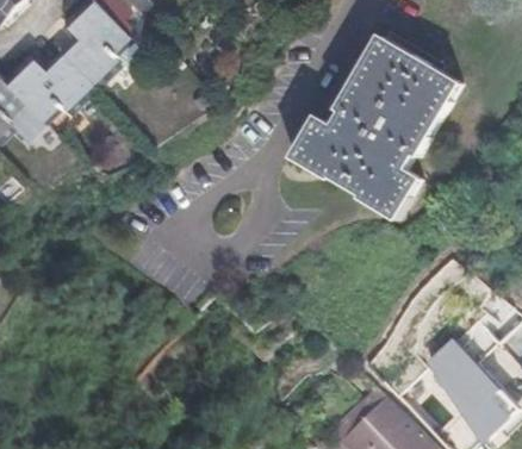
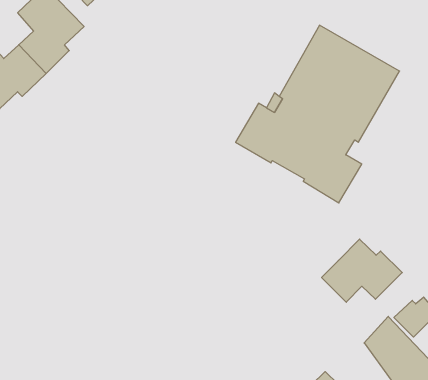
building: none -> [322,239,402,302]

